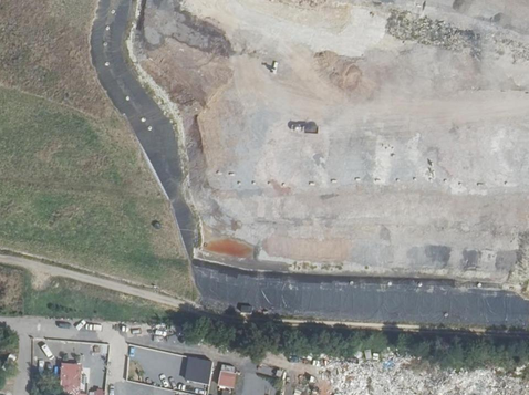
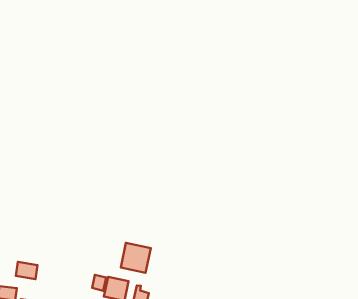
building: none -> [121,243,151,273]

